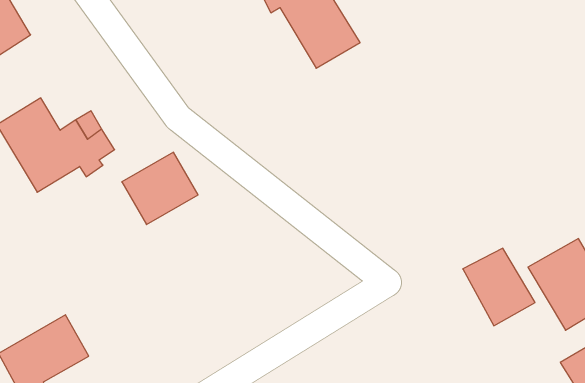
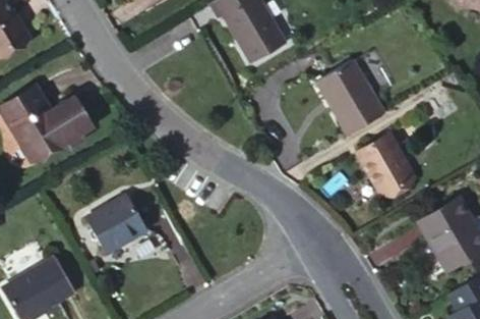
building: none -> [315,59,385,136]
building: [122,152,198,225] -> [86,196,146,253]
building: [463,248,535,326] -> [358,136,415,197]

